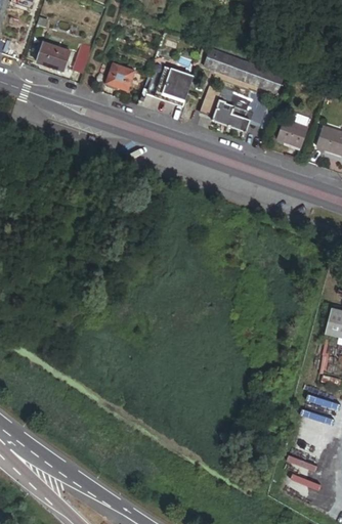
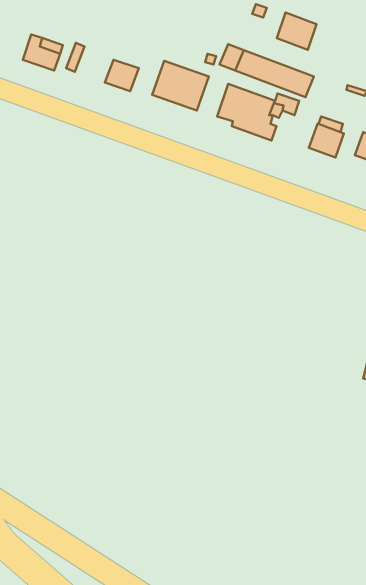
building: none -> [277,13,317,50]

